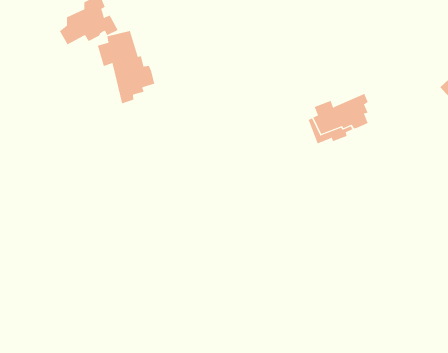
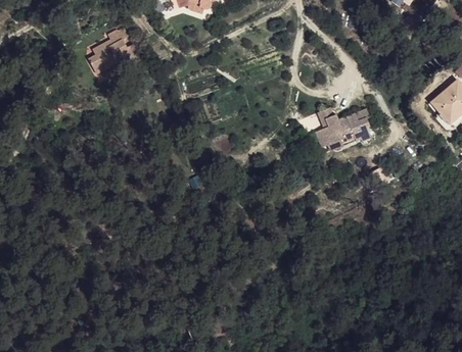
building: [97,30,155,104] -> none

